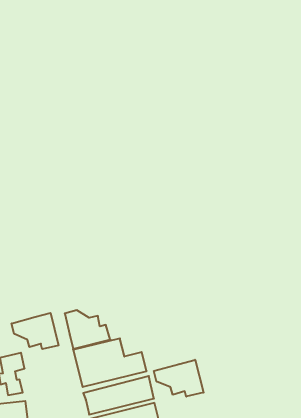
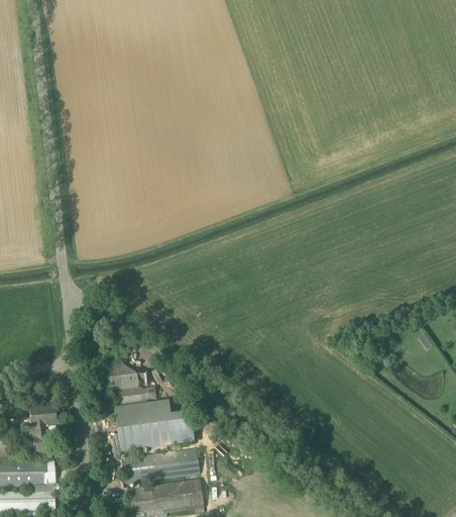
building: [12,313,59,349] -> none
building: [154,360,204,397] -> none

